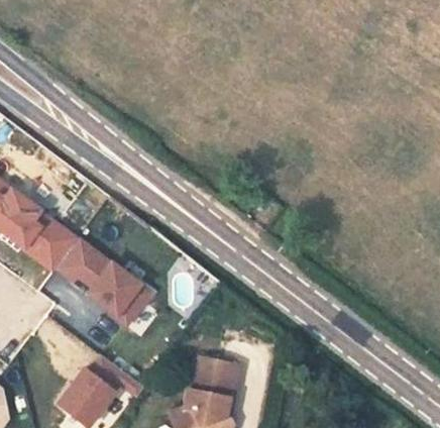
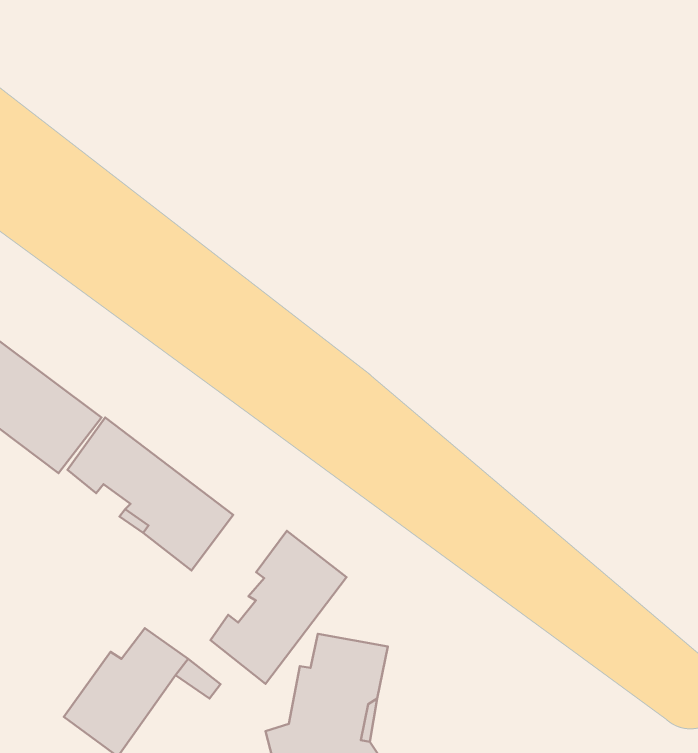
building: none -> [211,531,346,684]

